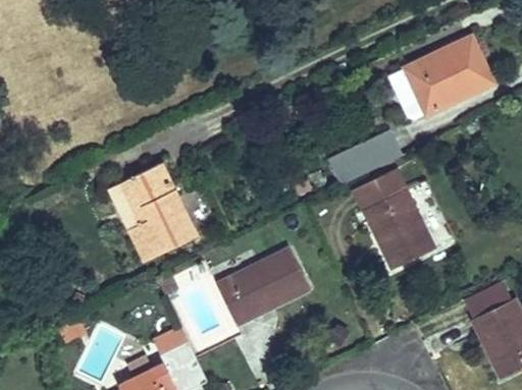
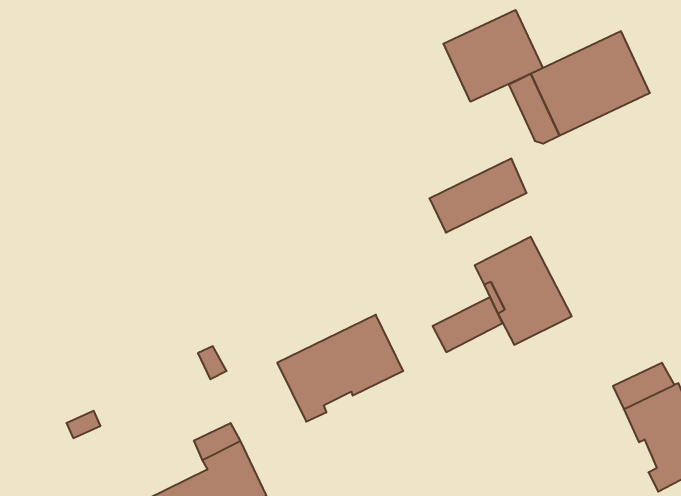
building: none -> [443,10,543,102]
building: [110,162,197,261] -> none
building: [353,169,405,210] -> [433,297,502,352]

